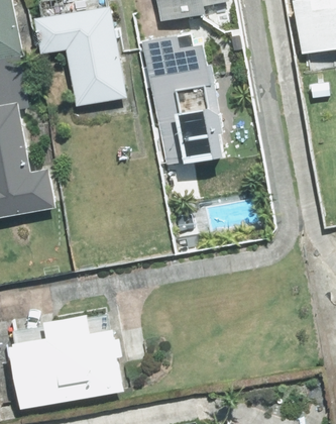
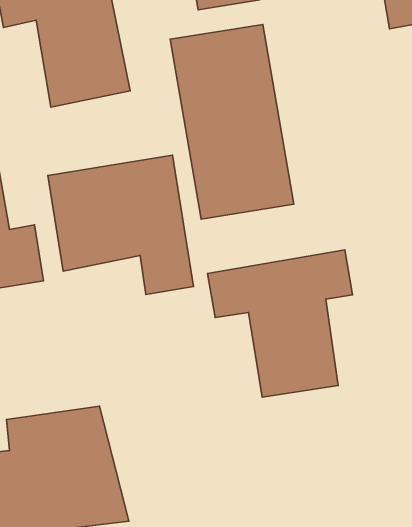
building: none -> [48,155,193,295]
building: none -> [208,250,353,397]

